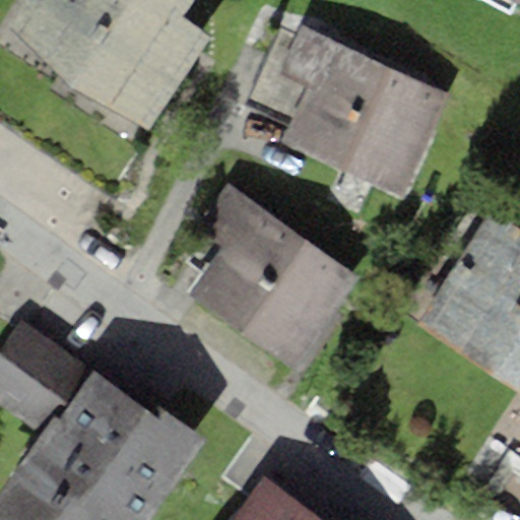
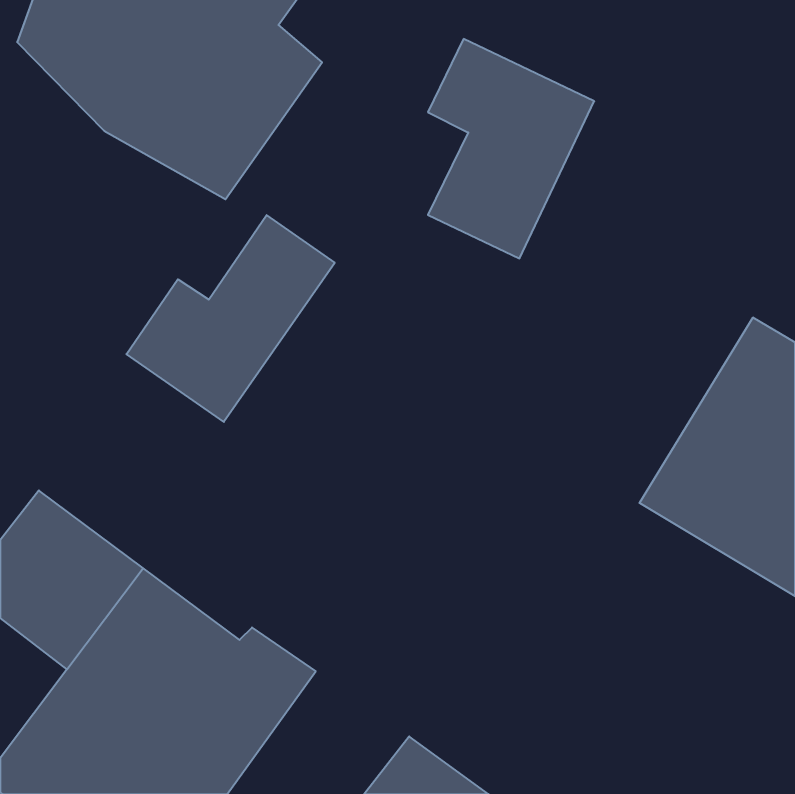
building: [339,66,450,198] -> none
building: none -> [126,215,335,422]
building: [185,203,355,368] -> none

